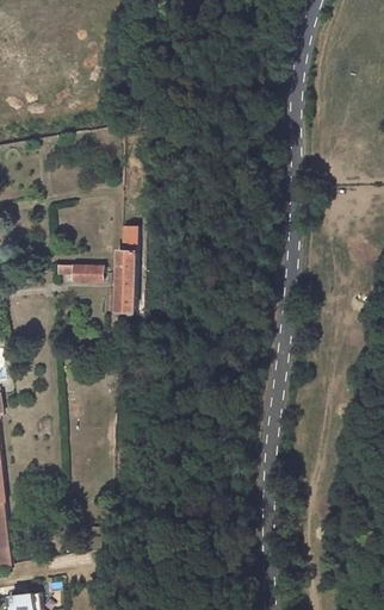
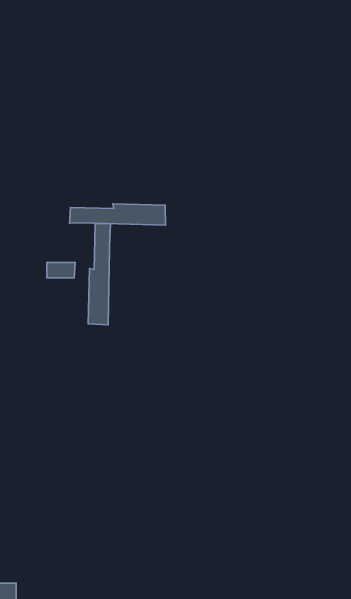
building: none -> [70,204,165,225]

